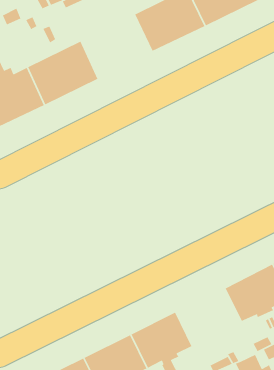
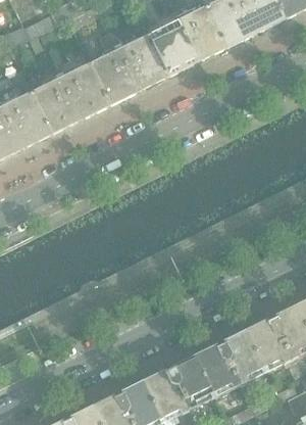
building: none -> [89,33,166,105]
building: none -> [192,332,263,395]

